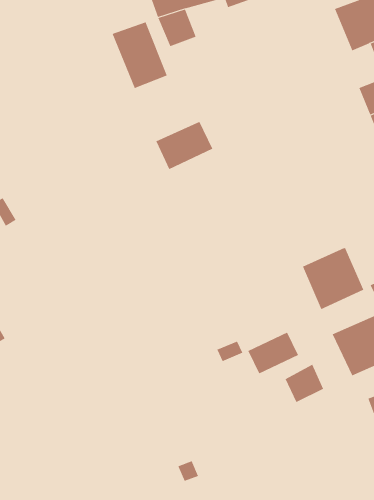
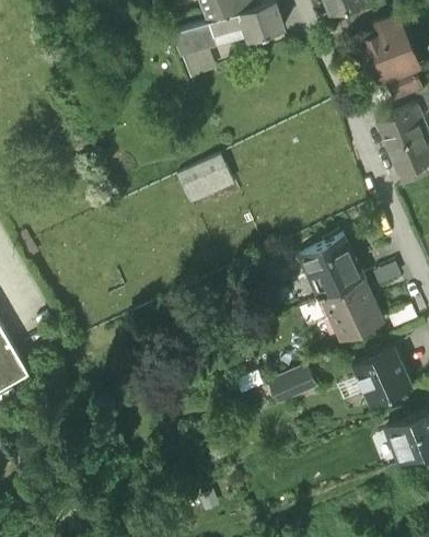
building: [112,21,167,89] -> none
building: none -> [298,235,362,299]
building: [285,364,324,403] -> none

